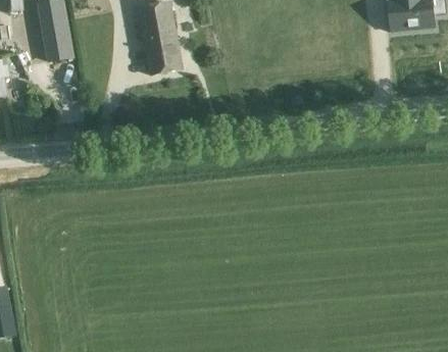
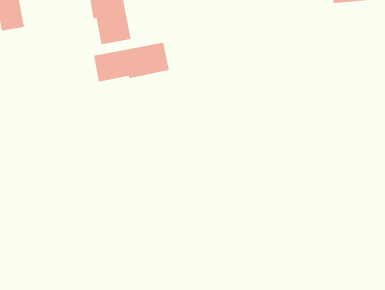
building: none -> [94,42,169,82]

